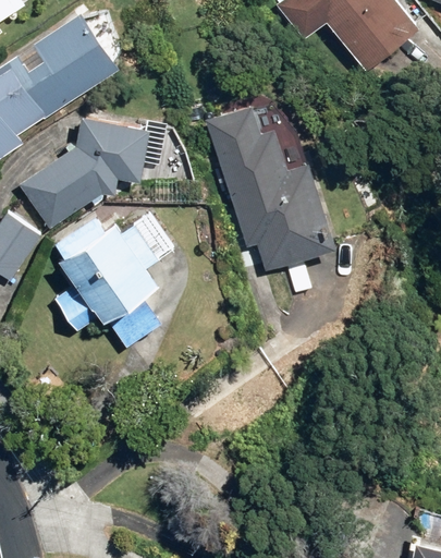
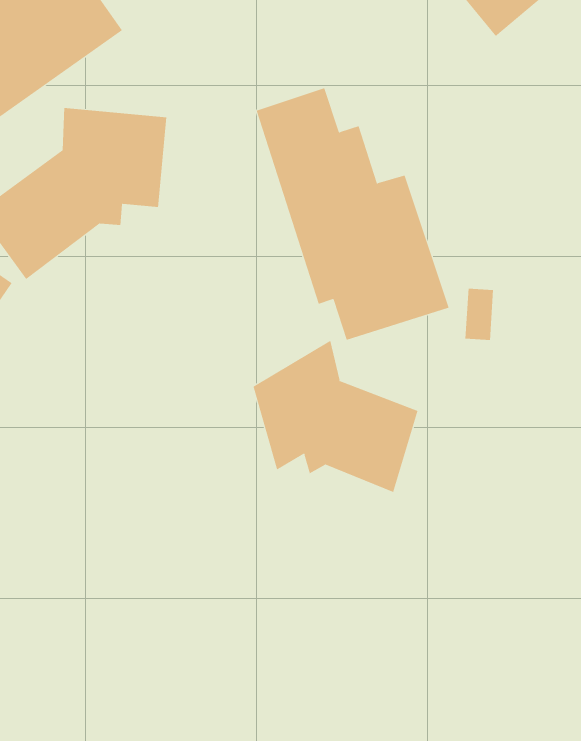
building: [54,209,176,348] -> none
building: none -> [253,340,418,493]

